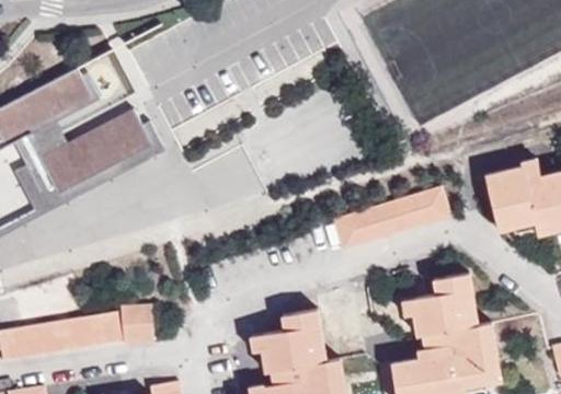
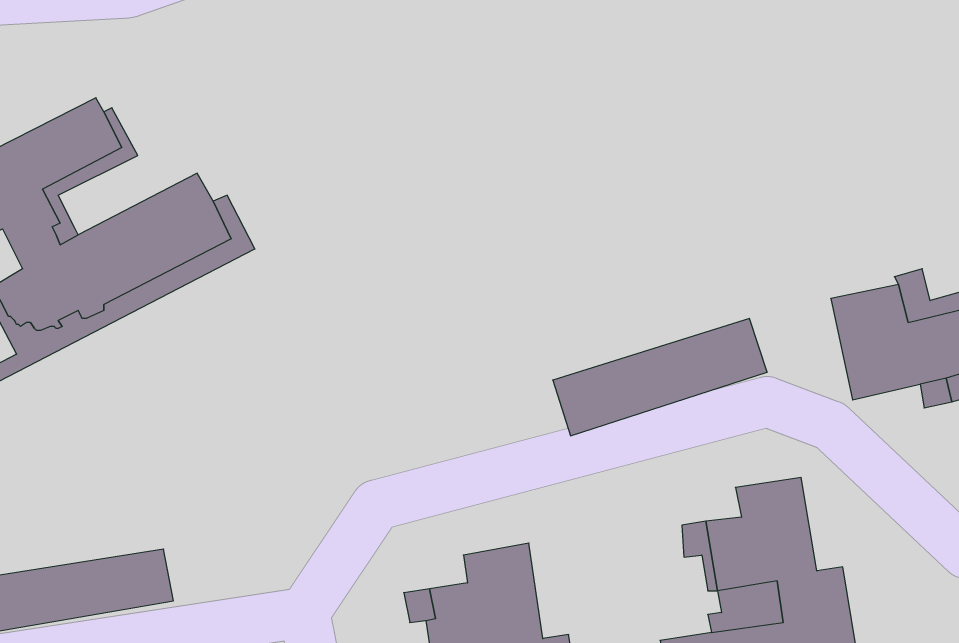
building: [119,305,152,343] -> none

